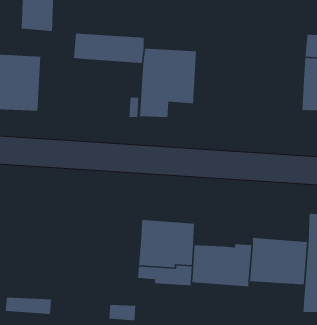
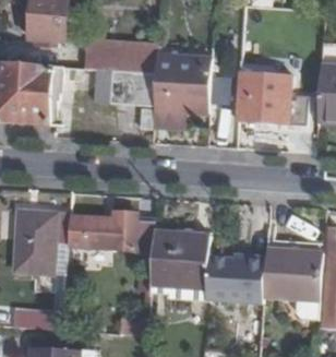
building: none -> [91,68,154,104]
building: none -> [239,74,303,121]
building: none -> [13,211,68,273]
building: none -> [81,211,154,251]

